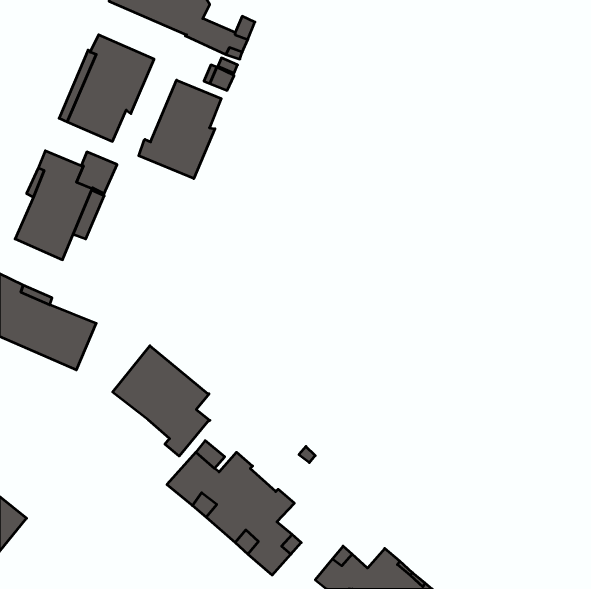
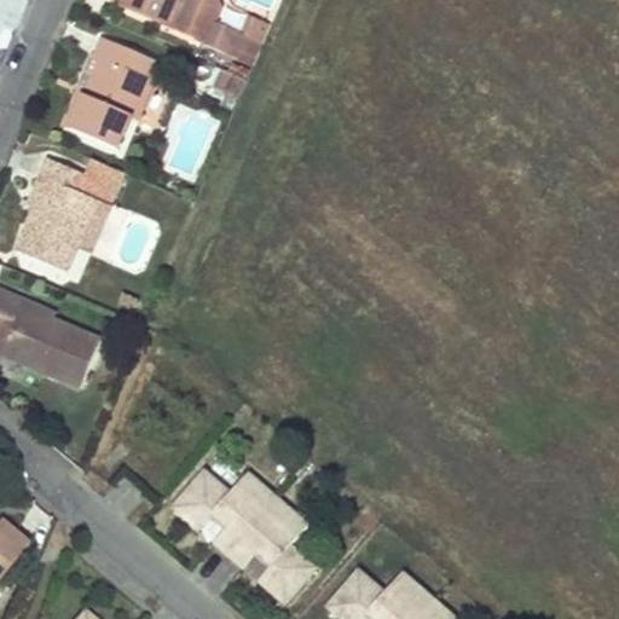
building: [139,80,221,179] -> none
building: [113,346,210,456] -> none

